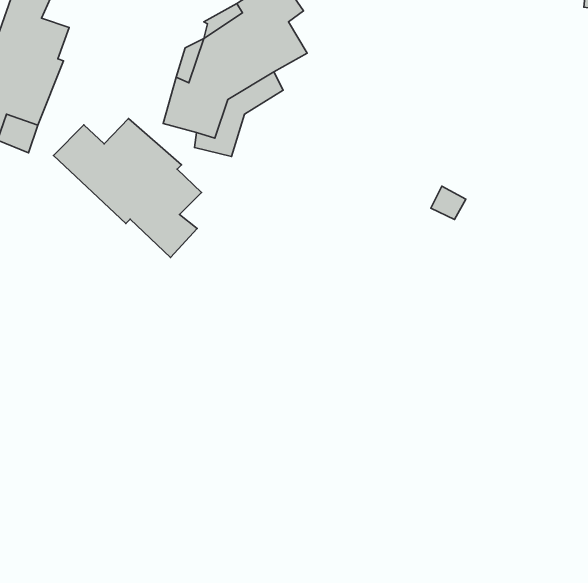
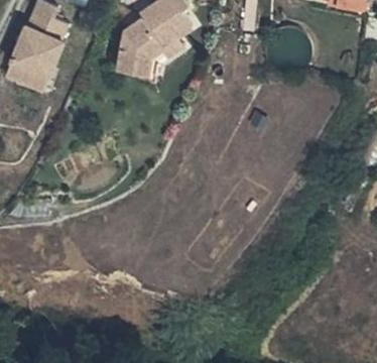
building: [54,118,201,257] -> none

